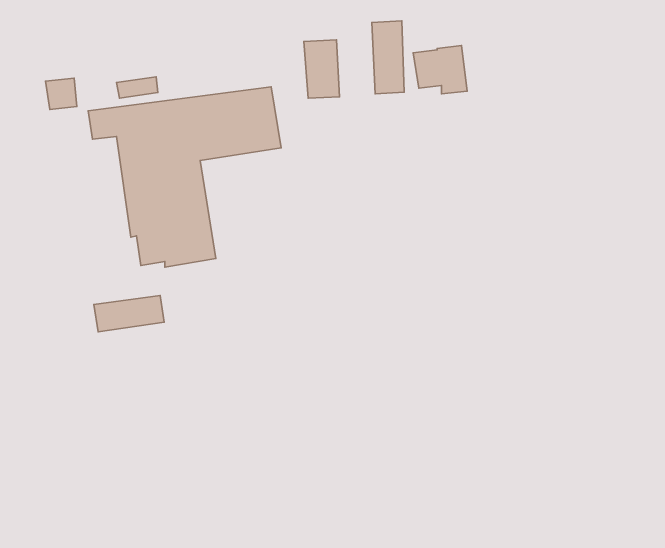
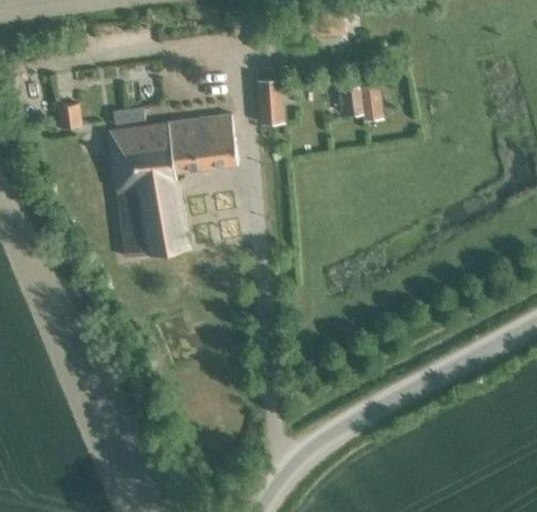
building: [372,21,404,94] -> none
building: [94,296,164,332] -> none

